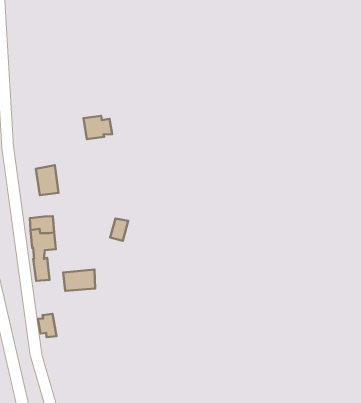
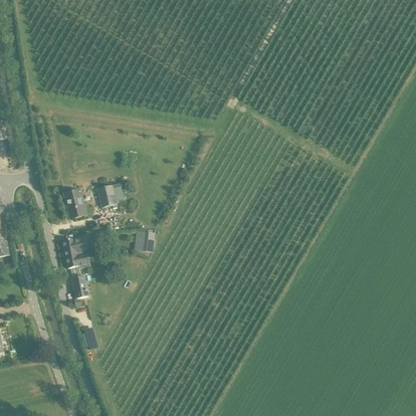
building: [83,116,112,139] -> [94,184,123,207]
building: [63,269,95,291] -> none

